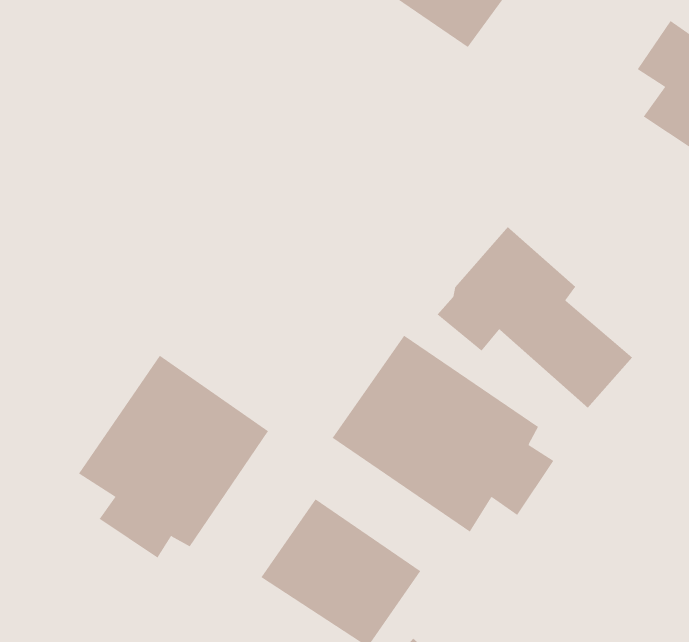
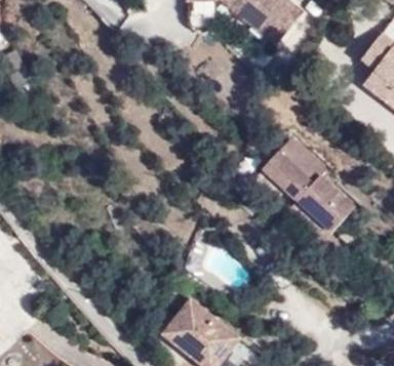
building: [332,335,554,533] -> none
building: [78,355,269,558] -> none

